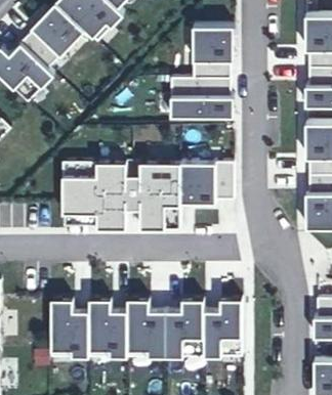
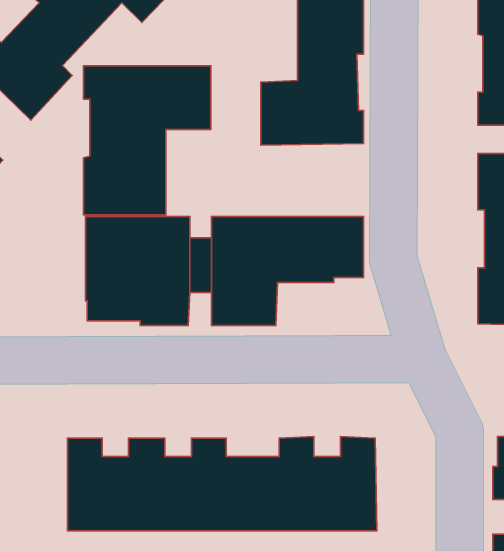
building: none -> [84,66,211,215]

